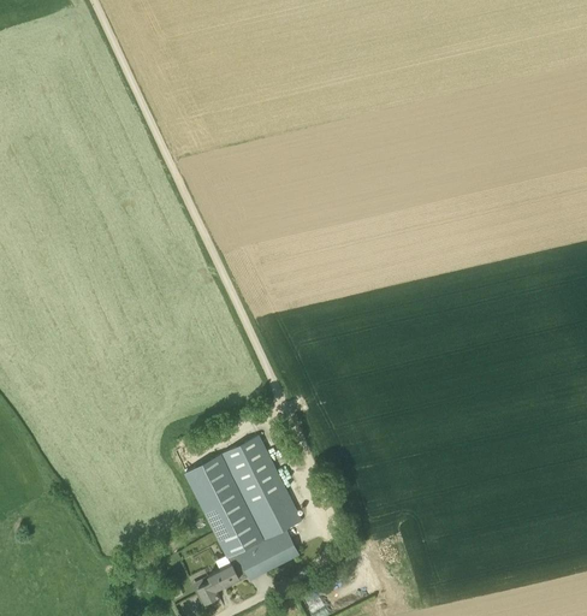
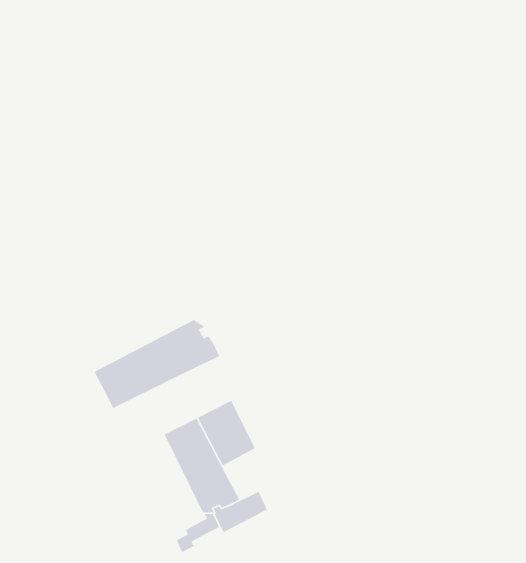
building: none -> [93,319,220,409]
building: [249,488,302,544] -> none

